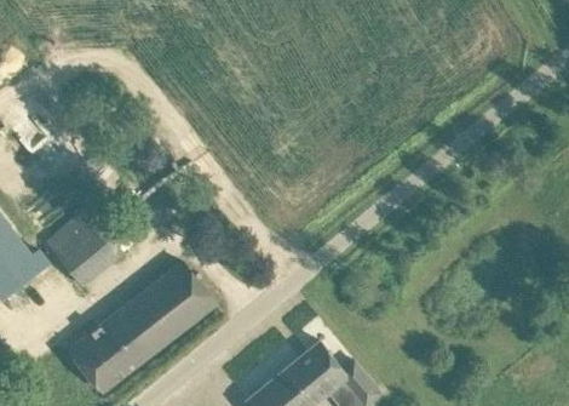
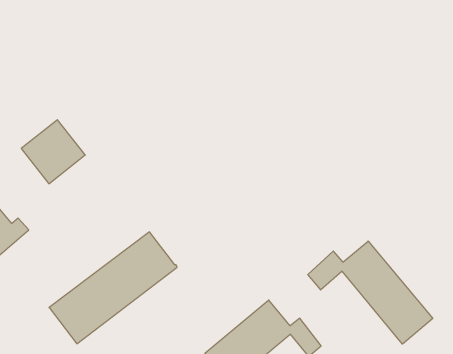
building: [50,213,122,286] -> [21,120,85,184]
building: none -> [308,241,433,344]

